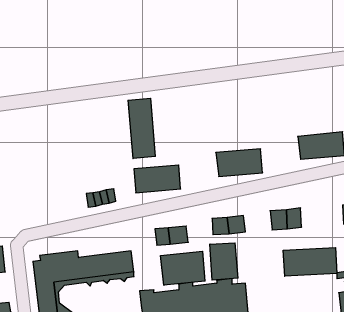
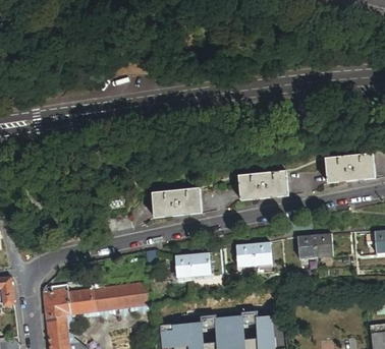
building: [128,98,155,159] -> none
building: [210,243,238,280] -> none
building: [283,248,337,276] -> none
building: [161,251,205,285] -> none

